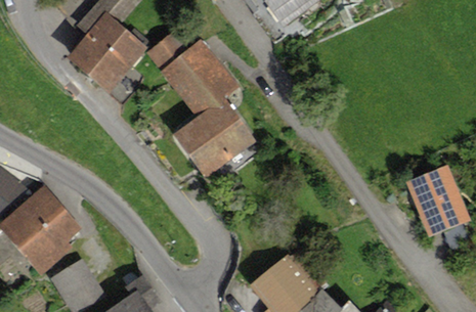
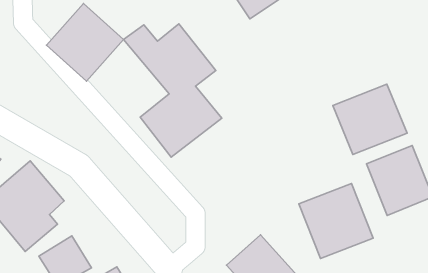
building: none -> [333,84,407,154]
building: none -> [299,183,373,259]

